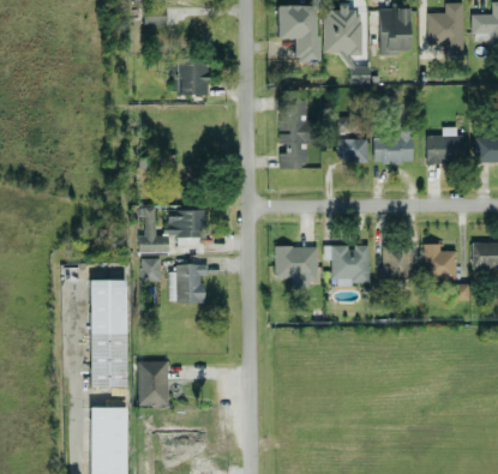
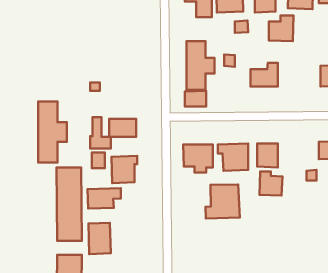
building: [176,59,210,95] -> none
building: [426,126,462,163] -> [269,16,294,41]
building: [337,138,368,161] -> [185,91,206,106]
building: none -> [38,102,67,162]
building: [424,244,457,278] -> [259,172,282,196]
building: none -> [205,184,240,218]
building: none -> [87,188,121,209]

